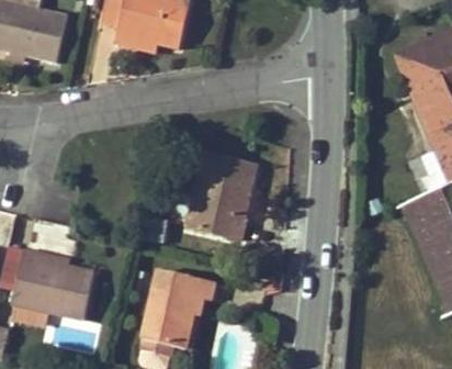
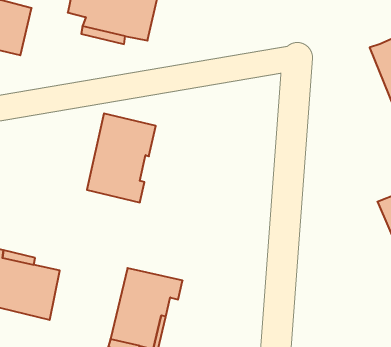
building: [188,153,255,239] -> [87,113,156,202]

